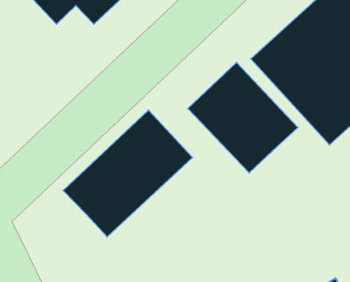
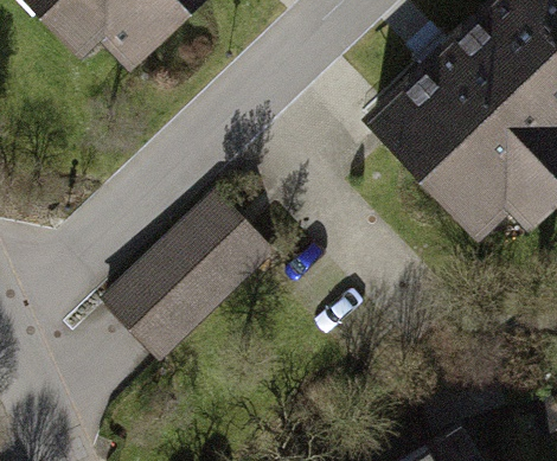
building: [188,62,298,173] -> none

